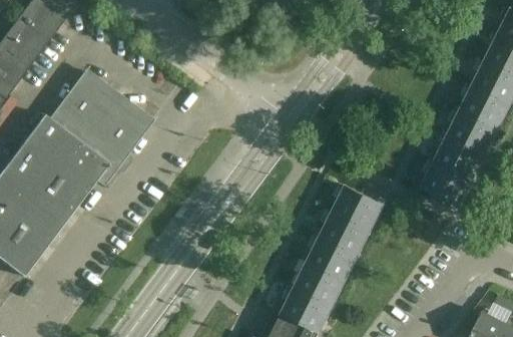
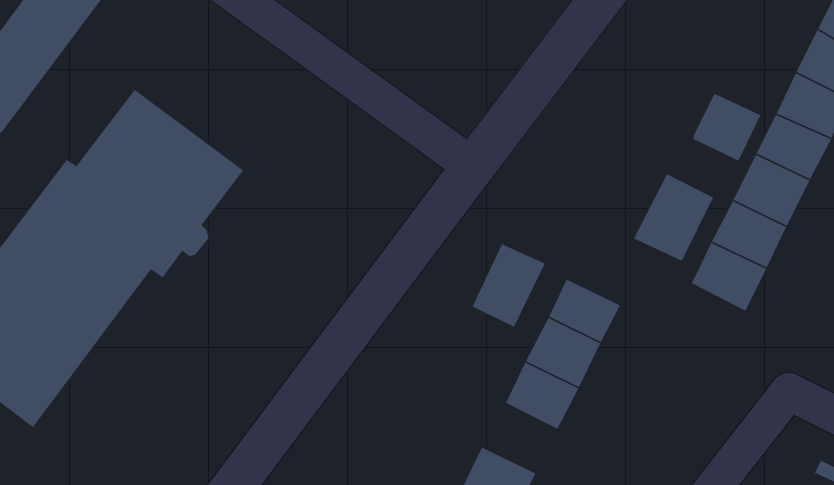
building: none -> [692,92,761,162]
building: none -> [633,173,714,262]
building: none -> [471,243,546,328]
building: [295,262,341,304] -> none

